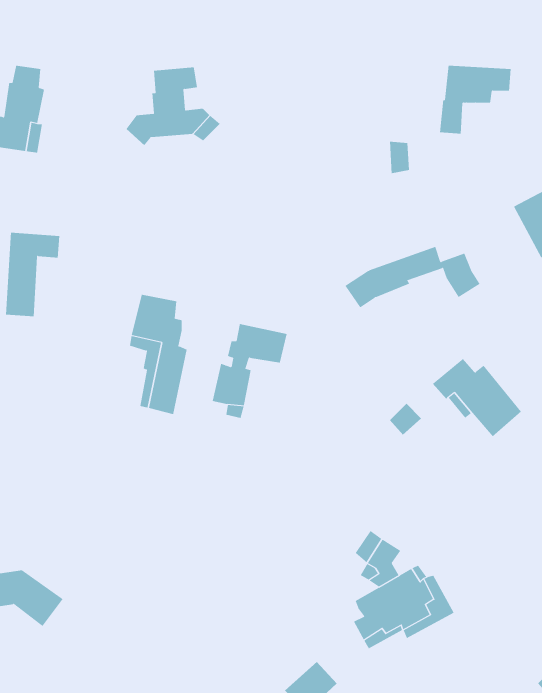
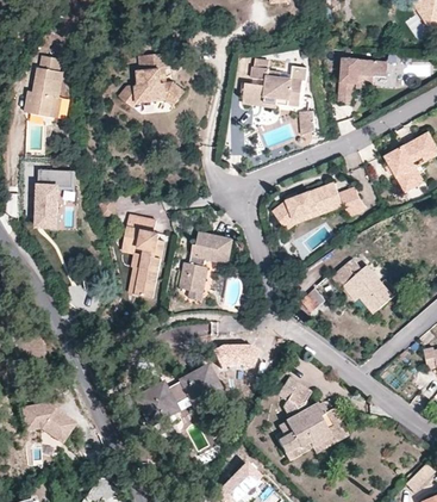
building: none -> [243,63,311,103]
building: none -> [212,347,257,366]
building: none -> [138,370,220,422]

